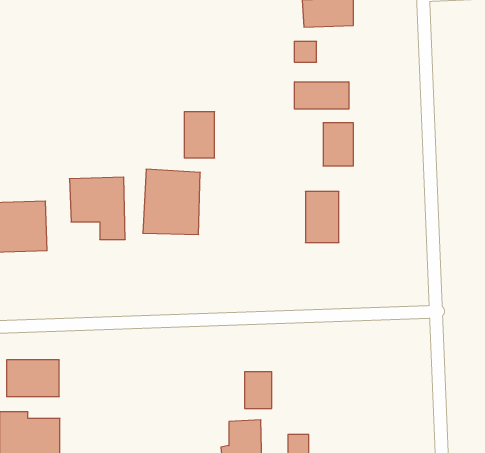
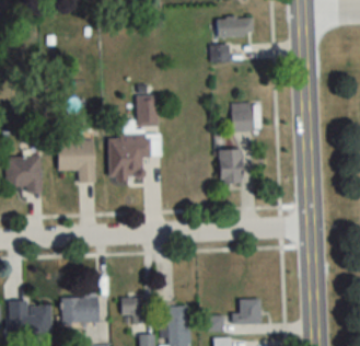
building: [295,82,349,109] -> none
building: [7,360,59,397] -> [63,297,100,322]
building: [245,372,272,408] -> [124,298,142,323]
building: none -> [233,299,260,323]

